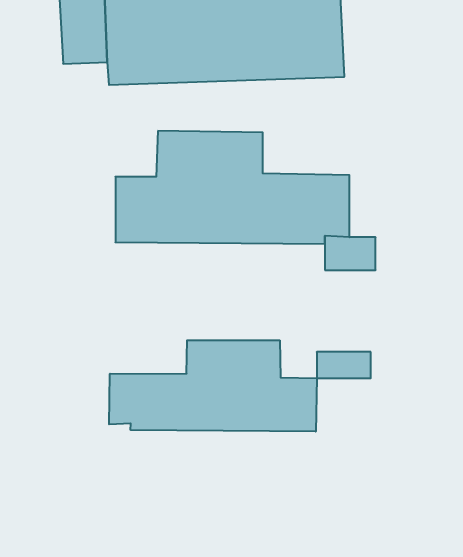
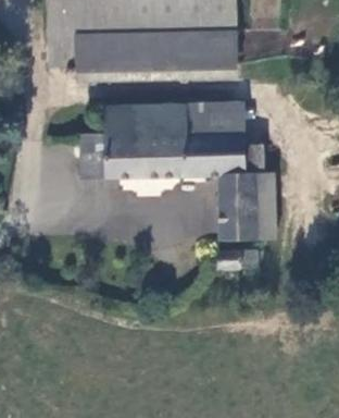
building: none -> [185,104,242,133]
building: none -> [226,196,260,237]
building: [109,340,317,432] -> none

